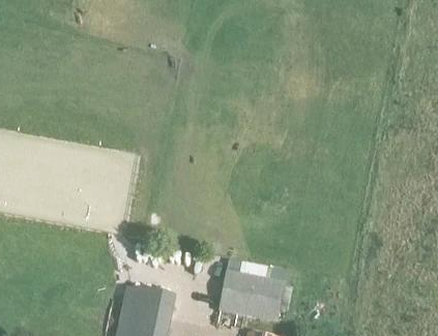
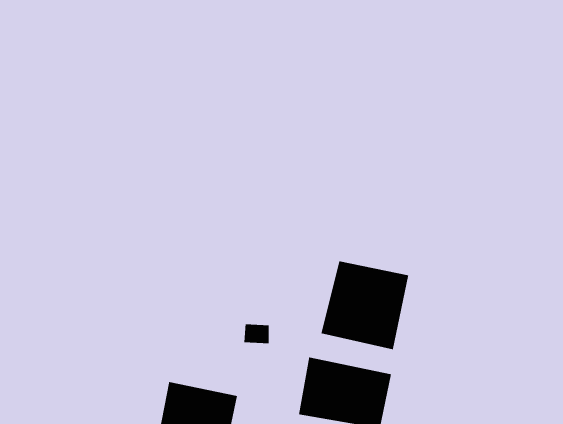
building: none -> [321,261,409,350]

